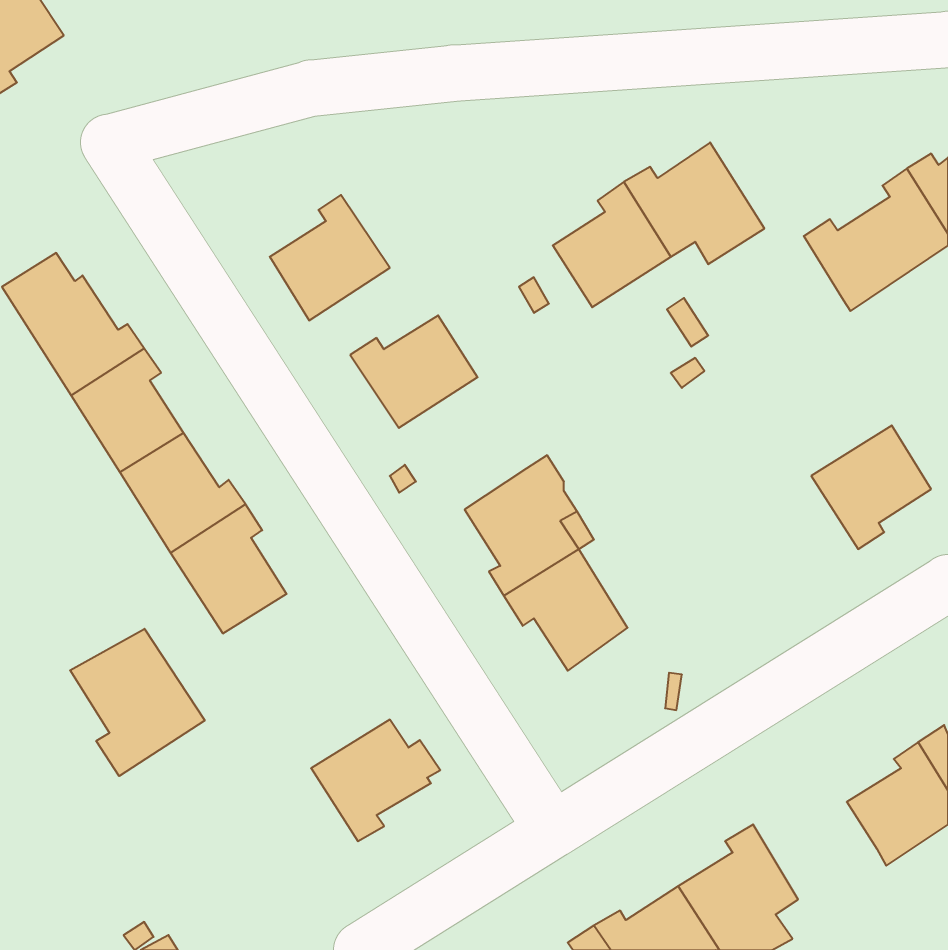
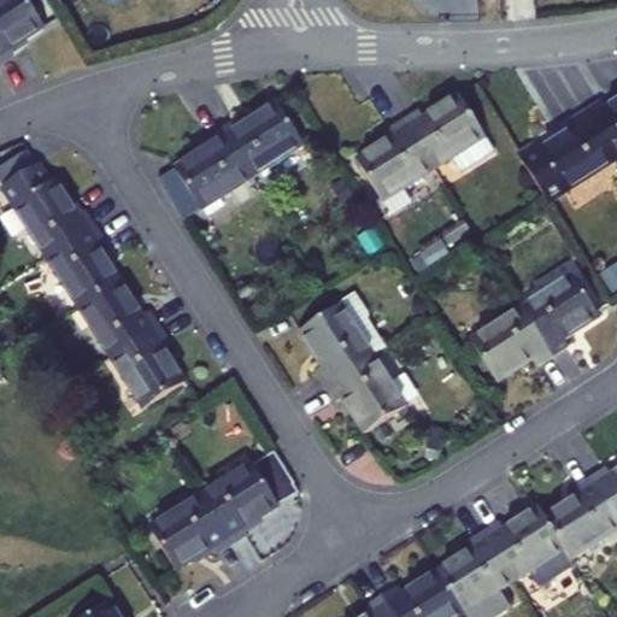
building: [350,315,478,428] -> [219,100,301,172]
building: none -> [471,306,552,378]
building: [70,629,205,776] -> none
building: none -> [149,494,230,568]
building: none -> [484,505,575,586]

